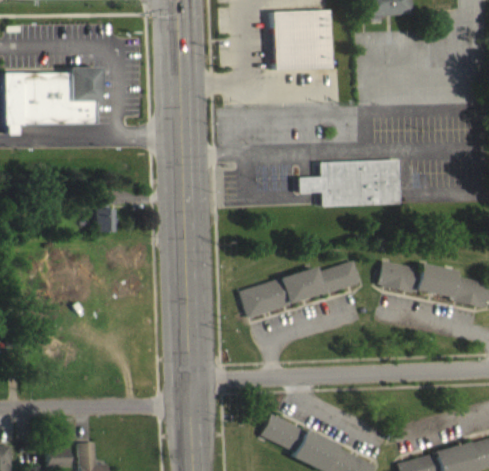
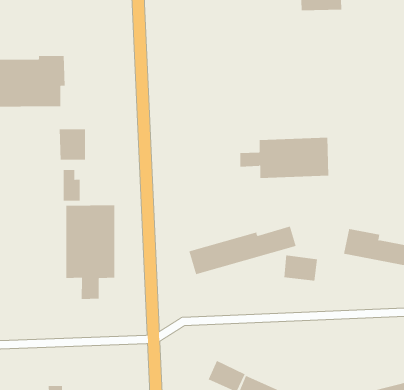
building: [271,11,331,71] -> none
building: none -> [59,128,86,160]
building: none -> [66,205,115,300]
building: [379,262,418,292] -> [284,255,318,281]

